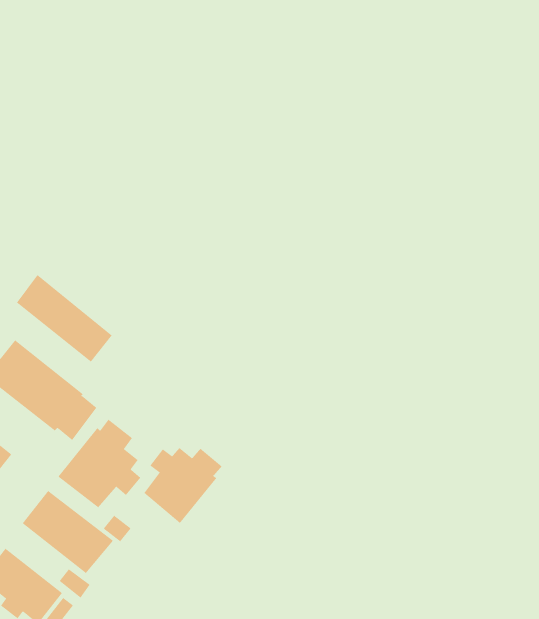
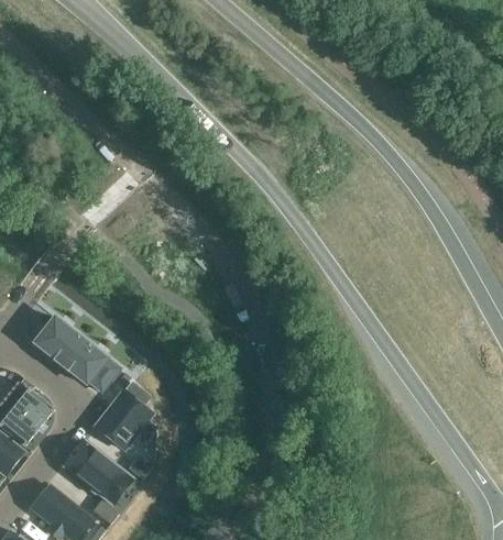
building: [16,274,112,362] -> none
building: [144,447,222,524] -> none

